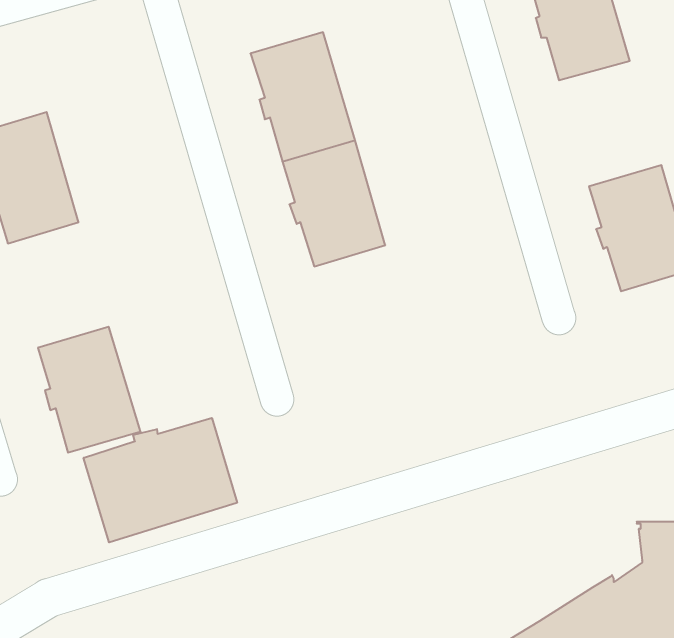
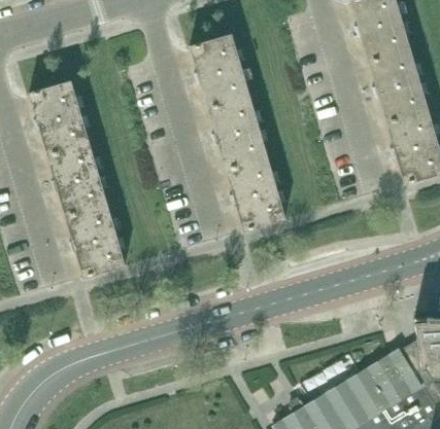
building: none -> [369,50,429,123]
building: none -> [48,144,107,217]
building: none -> [227,157,286,231]
building: [84,418,237,542] -> none

